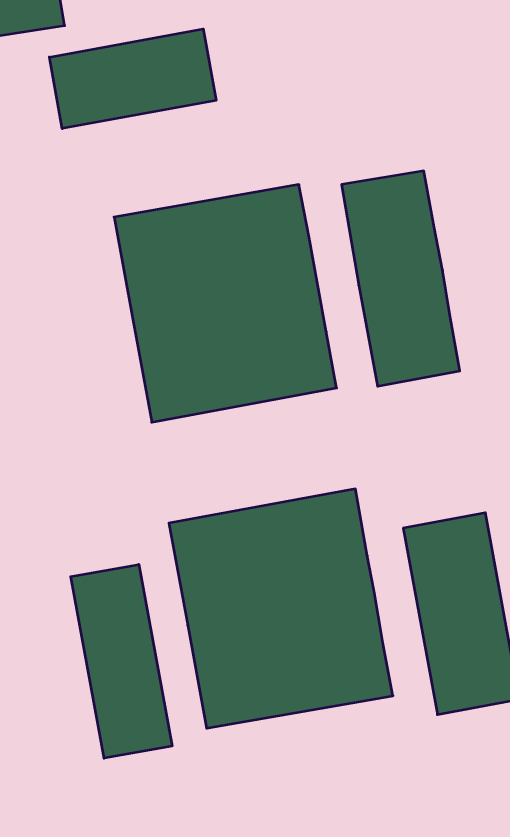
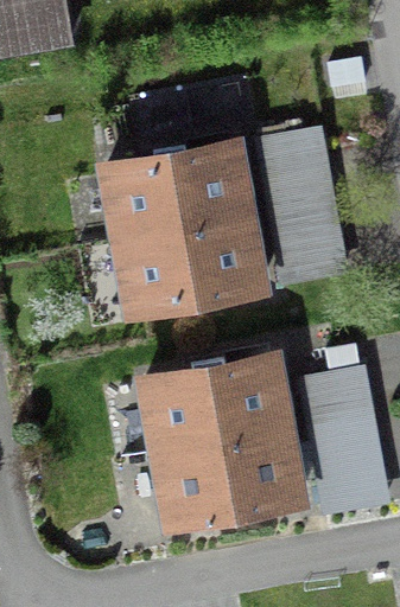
building: [49,29,216,129] -> none
building: [71,564,172,758] -> none

